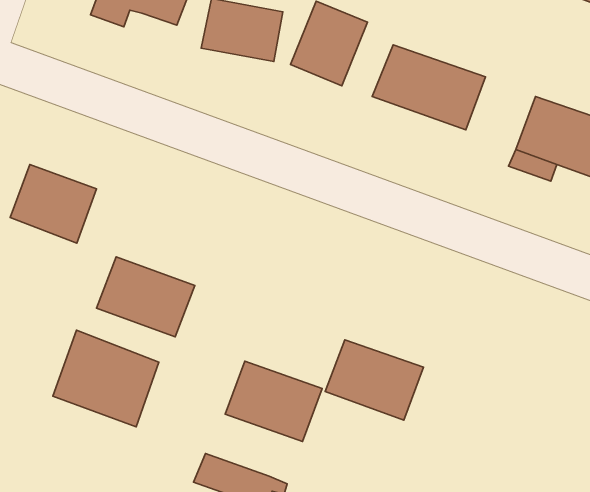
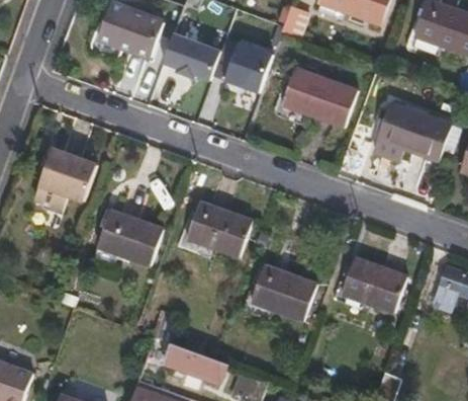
building: none -> [340,257,405,313]
building: [53,330,159,427] -> none
building: [225,361,322,441] -> [185,203,250,256]

